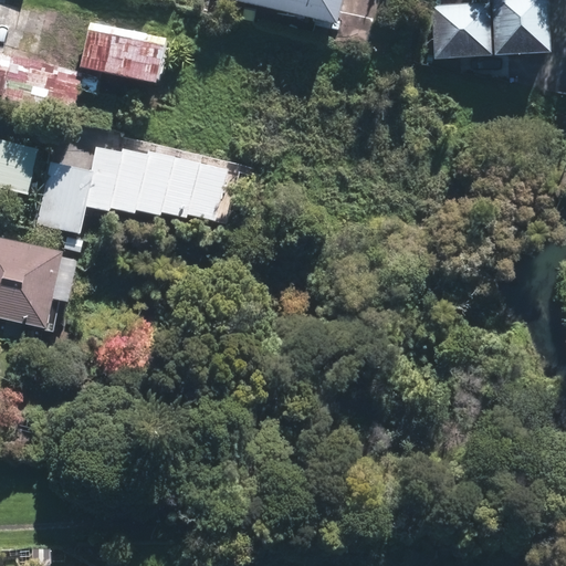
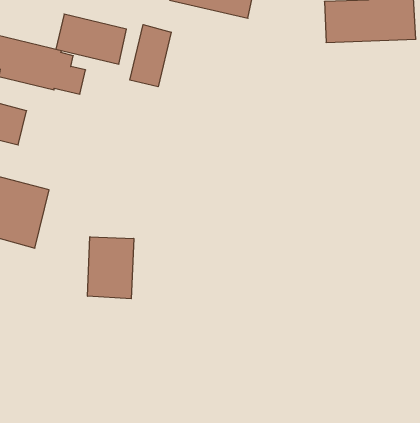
building: none -> [130,25,171,87]
building: [30,145,230,233] -> none
building: none -> [88,237,134,299]

